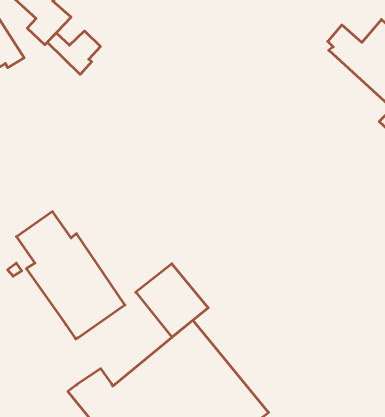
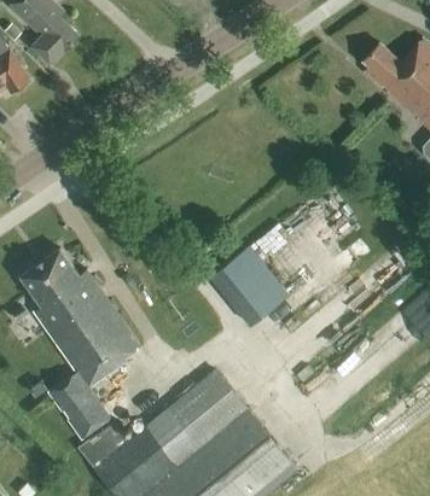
building: [47,31,100,74] -> none
building: [136,264,208,337] -> [209,246,289,327]
building: none -> [48,374,110,439]

